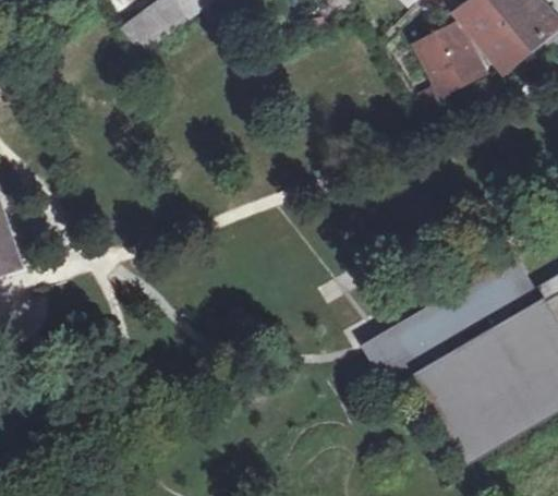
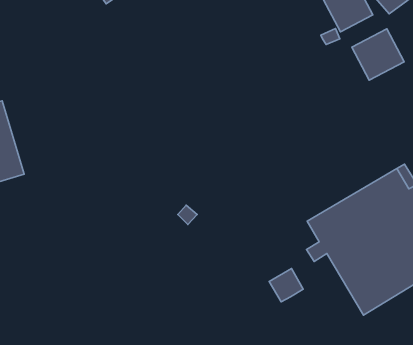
building: none -> [352,29,404,80]
building: [367,331,411,374] -> [269,269,303,302]

